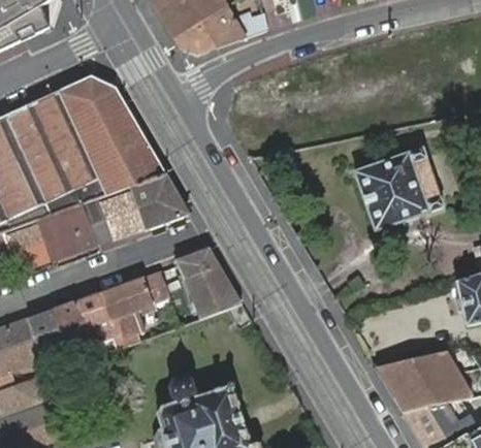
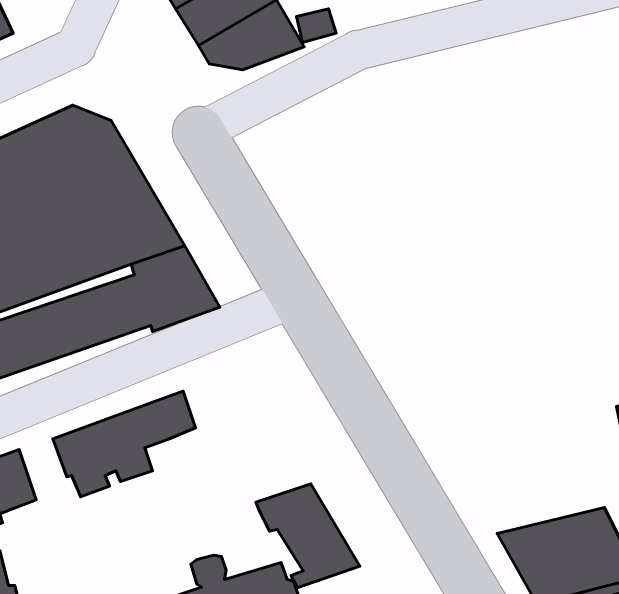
building: [354,147,442,228] -> none
building: [173,247,244,317] -> [256,484,360,588]
building: [54,300,93,345] -> none

